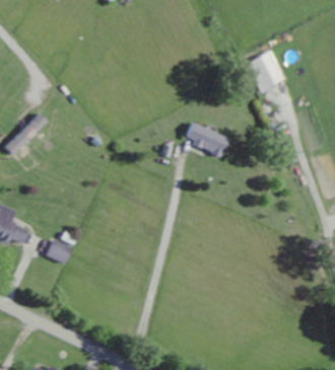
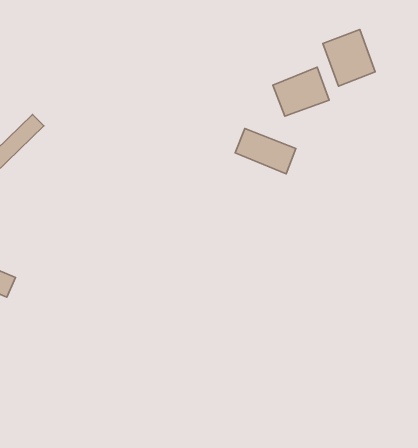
building: none -> [273,67,329,116]
building: [45,239,70,264] -> none

